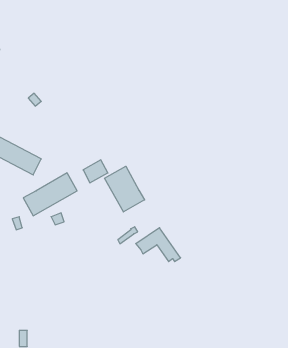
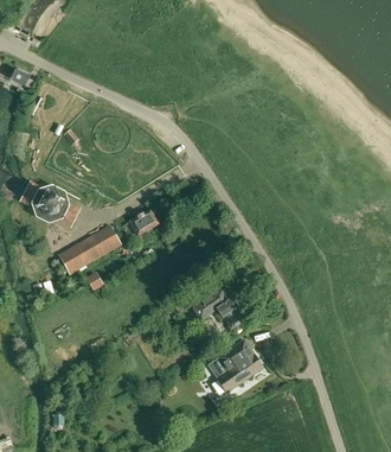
building: [105,166,145,212] -> none
building: none -> [209,340,262,391]

